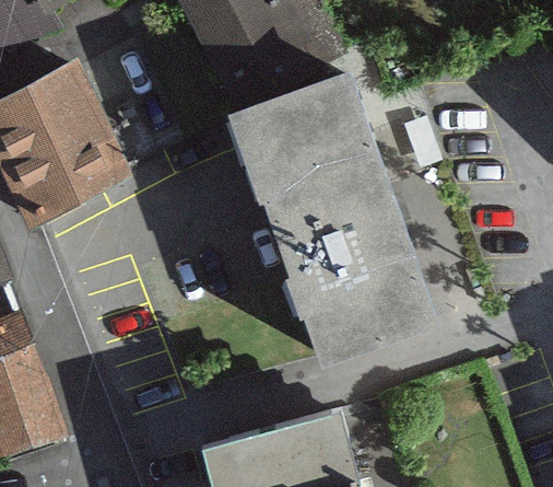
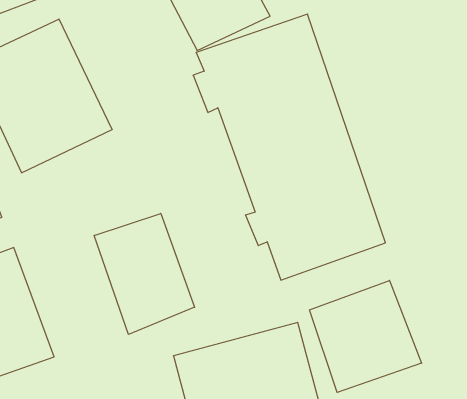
building: none -> [94,213,195,334]
building: none -> [309,280,422,392]

